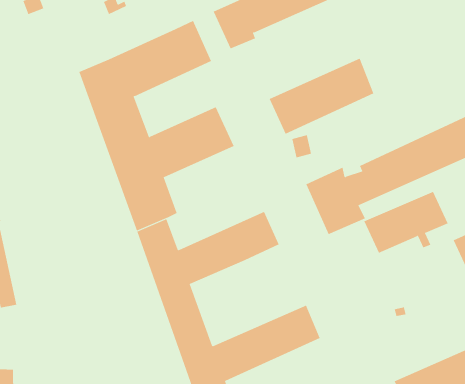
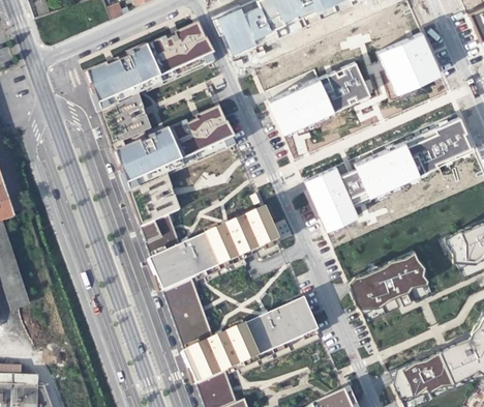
building: none -> [380,32,440,91]
building: [364,191,449,254] -> [346,251,428,311]

